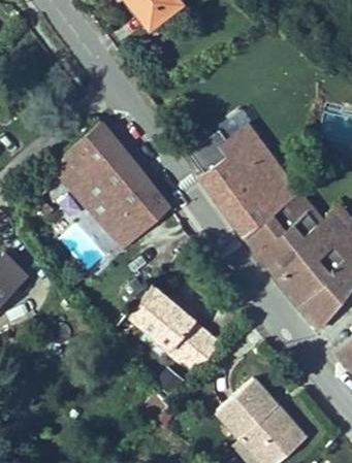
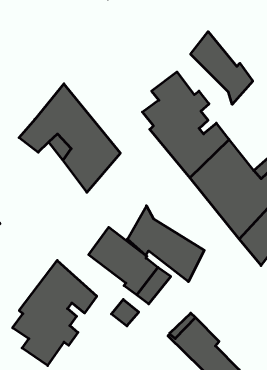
building: none -> [191,32,253,104]
building: none -> [127,206,204,282]
building: none -> [13,260,97,366]

